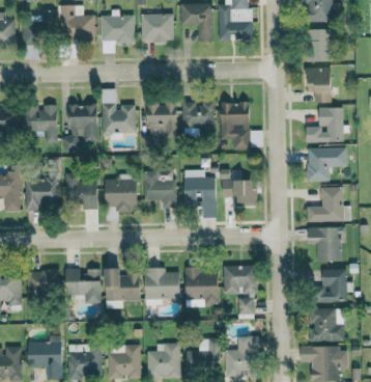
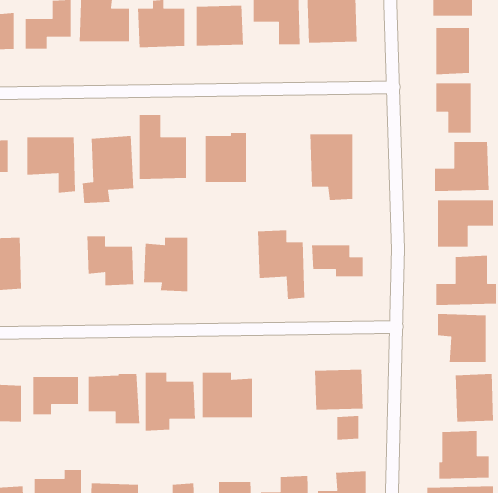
building: [181,103,215,135] -> none
building: [143,171,174,209] -> none
building: [25,178,58,212] -> none
building: [186,267,219,306] -> none

